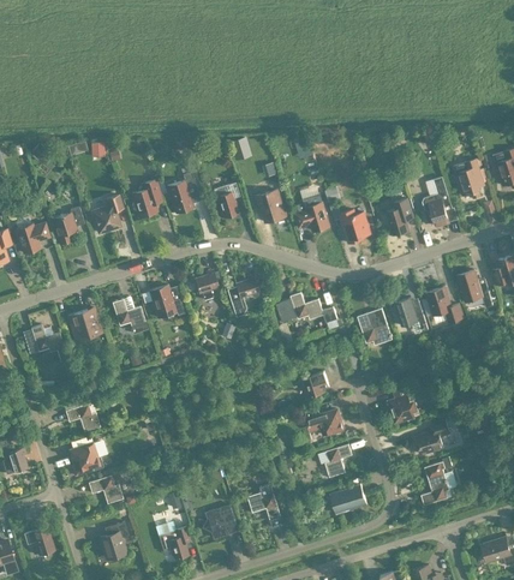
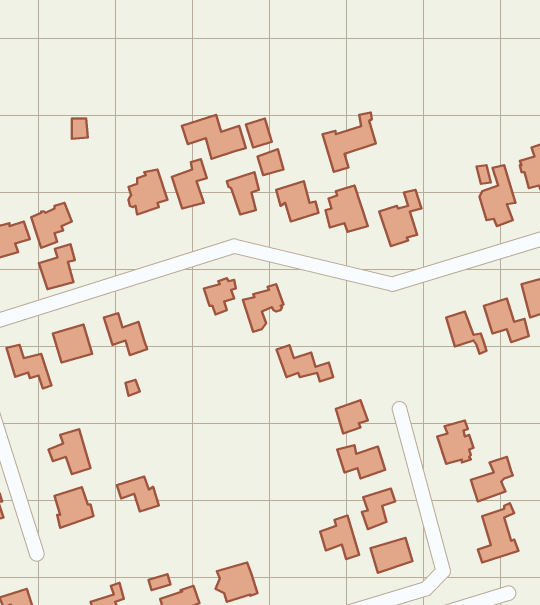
building: none -> [322,112,376,172]
building: none -> [182,115,246,159]
building: [92,196,122,233] -> [39,244,75,289]
building: [387,198,414,235] -> none
building: [149,285,185,318] -> none
building: [291,293,337,323] -> [276,345,333,381]
building: [358,309,393,346] -> none
building: [89,476,124,504] -> [117,477,159,511]
building: [247,484,280,520] -> [320,516,359,559]

